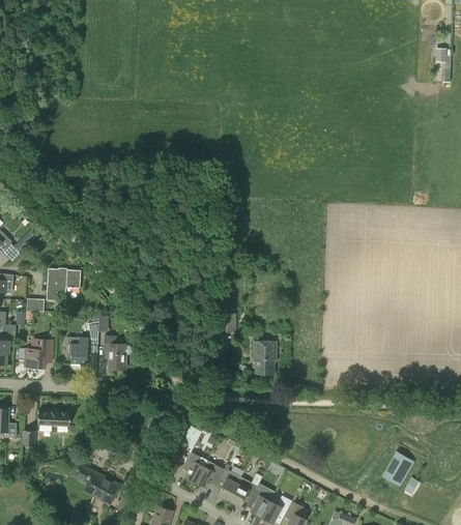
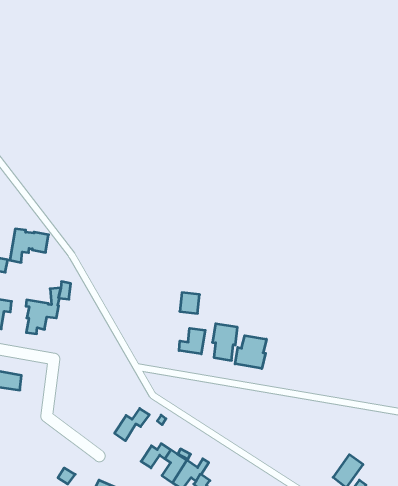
building: [104,336,132,369] -> none
building: none -> [179,328,205,354]
building: none -> [235,336,266,369]
building: [184,451,207,483] -> none
building: [70,462,119,502] -> none

